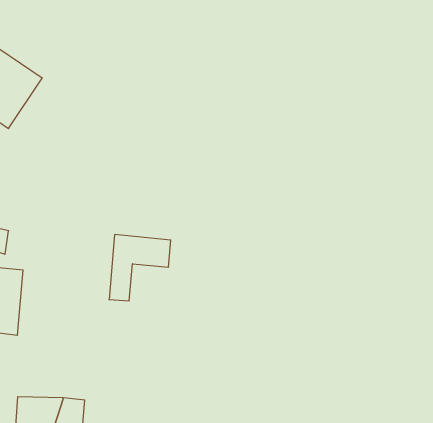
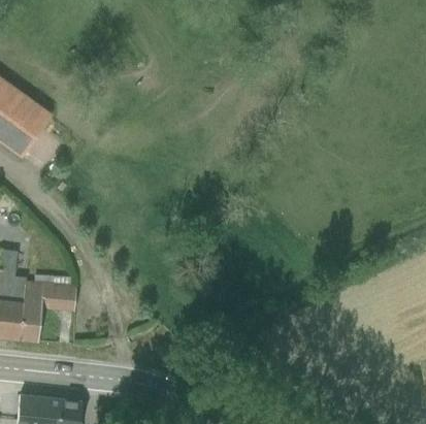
building: [109,235,171,301] -> [19,281,75,341]

